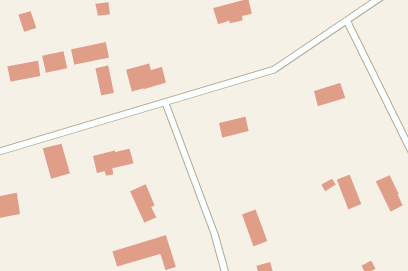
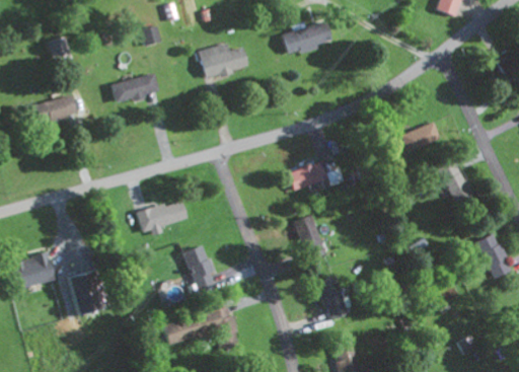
building: [42,51,68,74] -> none
building: [125,63,167,92] -> [199,43,248,78]
building: [95,64,115,96] -> none
building: [42,143,71,180] -> [66,272,100,315]
building: none -> [295,215,327,259]
building: [336,174,362,210] -> [439,158,470,202]

